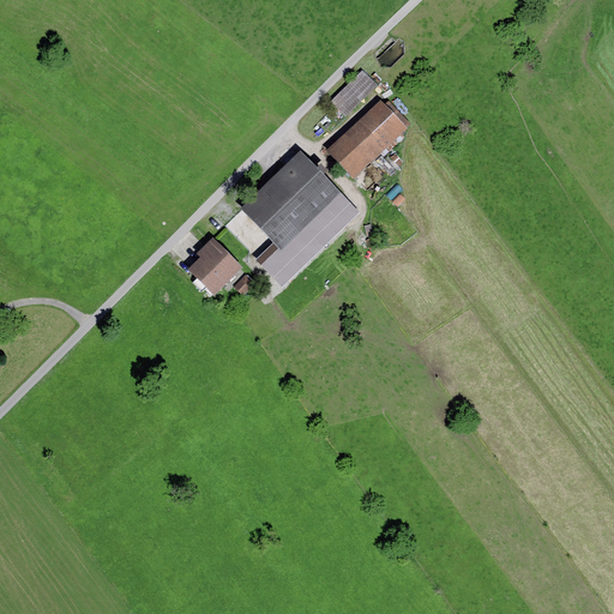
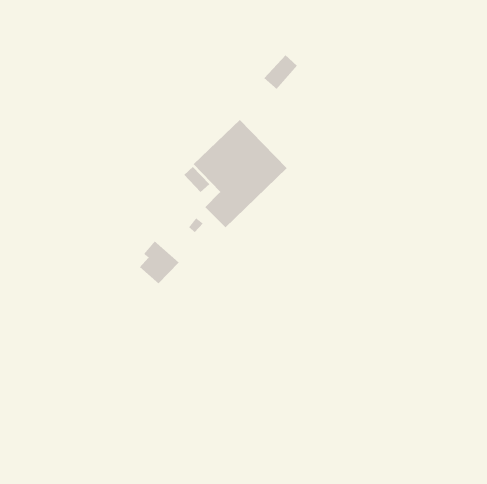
building: [324,98,403,177] -> none
building: [187,236,237,291] -> [139,240,179,284]

